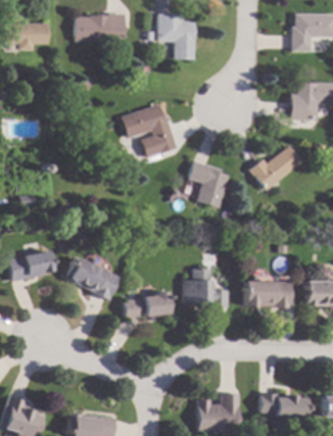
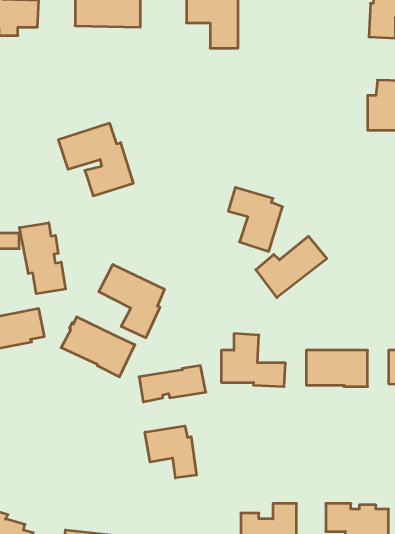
building: [122,104,177,157] -> [58,123,133,196]
building: [250,146,302,191] -> [256,236,327,298]
building: none -> [19,223,66,294]
building: none -> [99,264,164,338]
building: none -> [145,426,197,478]

